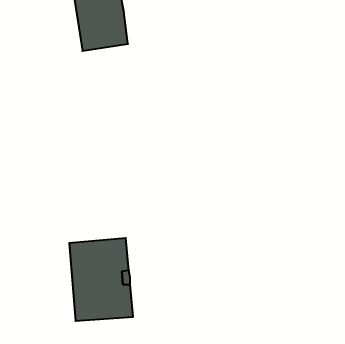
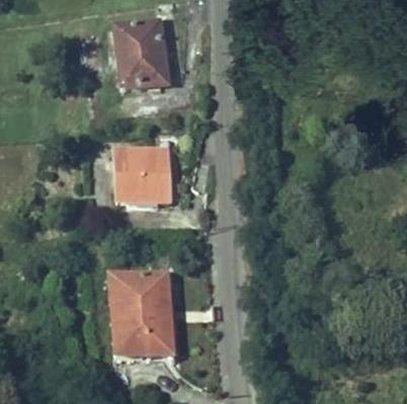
building: none -> [115,148,171,201]

